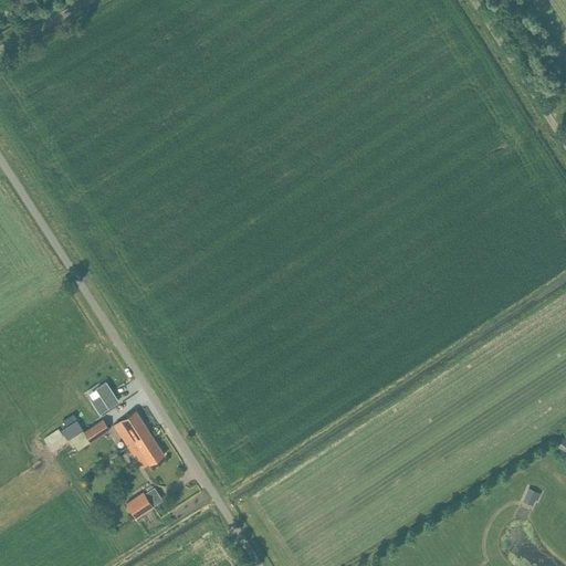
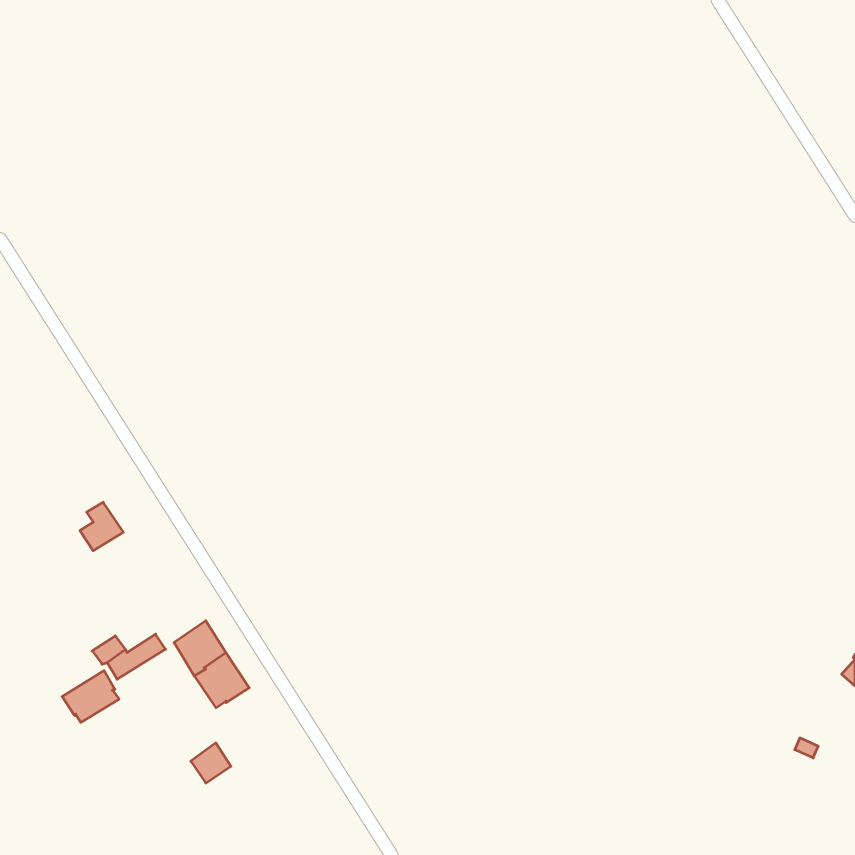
building: [91,381,119,413] -> [80,502,123,551]
building: none -> [62,671,119,722]

